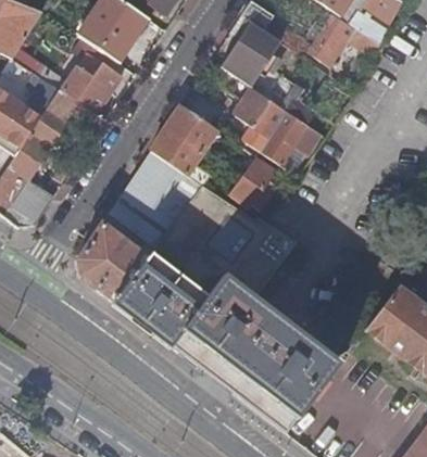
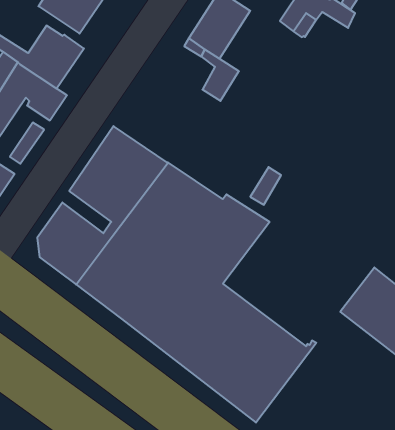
building: [253,97,309,164] -> none
building: [151,103,216,183] -> none
building: [231,155,277,208] -> none

